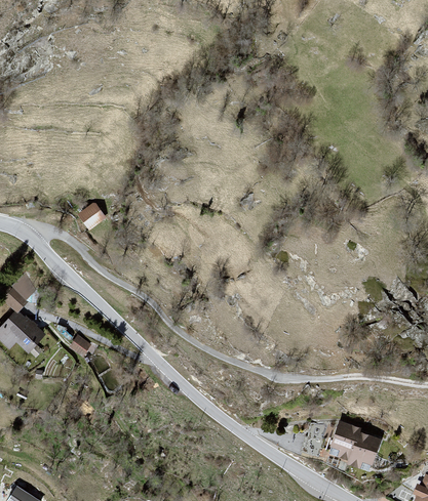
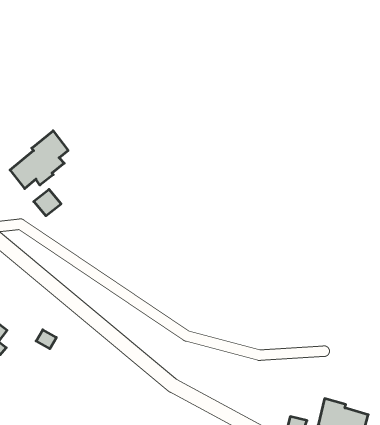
building: none -> [10,131,68,189]

